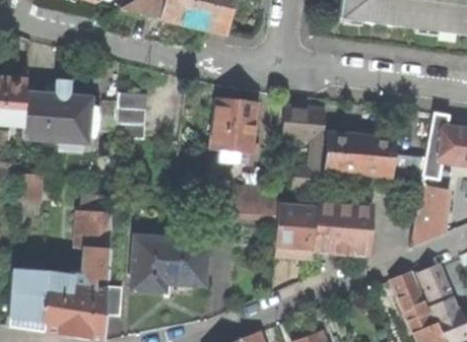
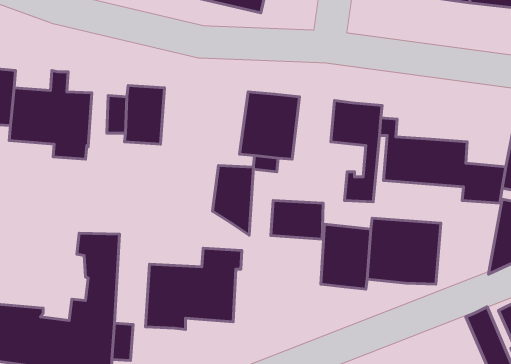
building: none -> [212,165,253,235]

